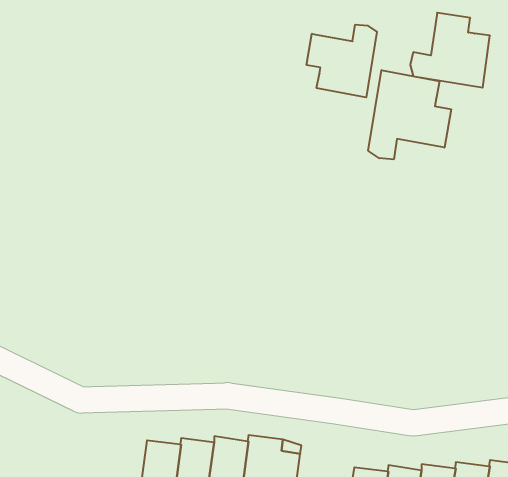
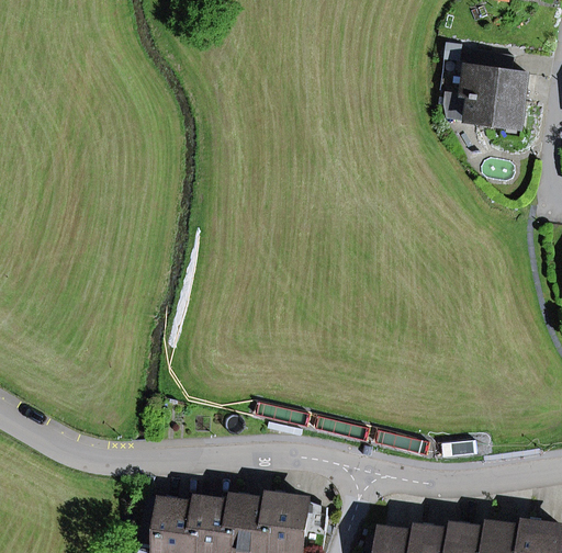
building: [307,25,377,97] -> none
building: [368,70,451,159] -> none

